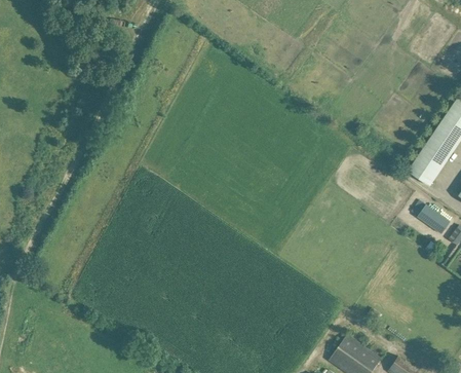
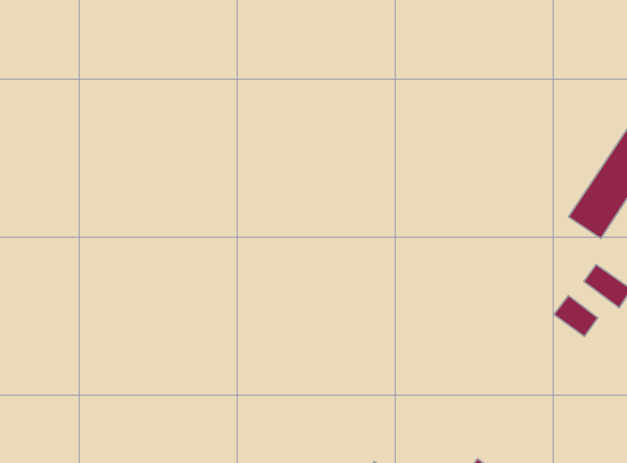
building: none -> [554,295,598,336]

